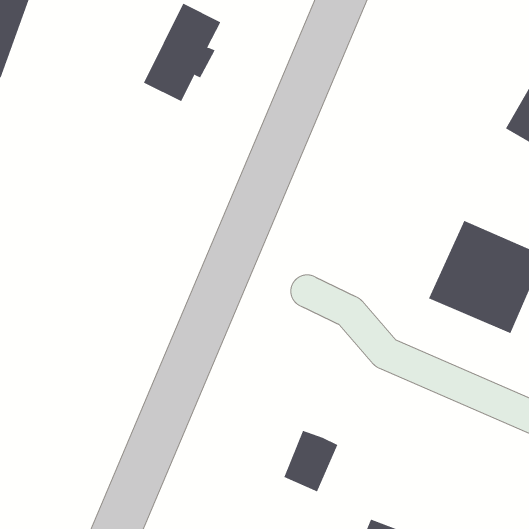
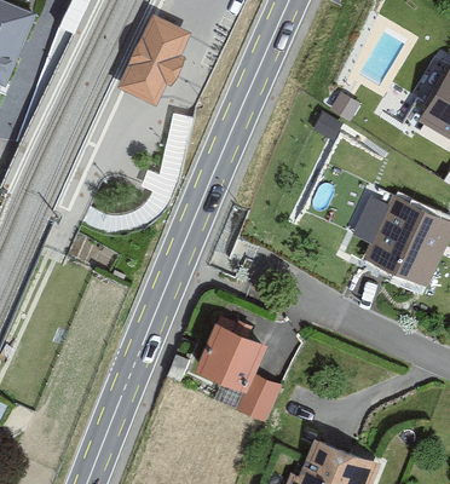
building: none -> [198,311,270,380]

